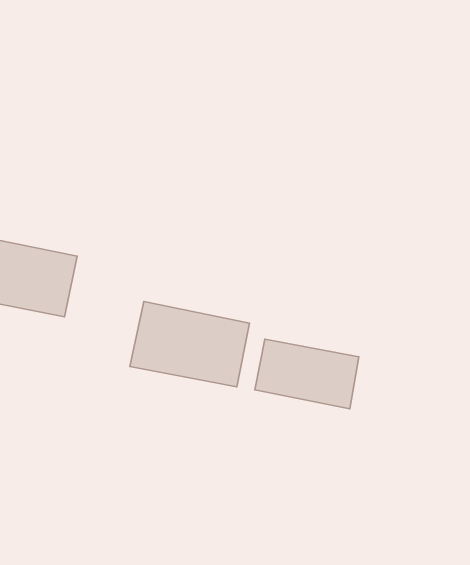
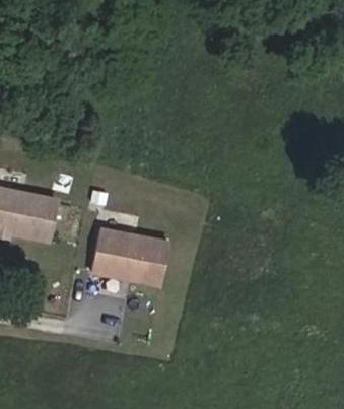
building: [255,339,359,409] -> none

